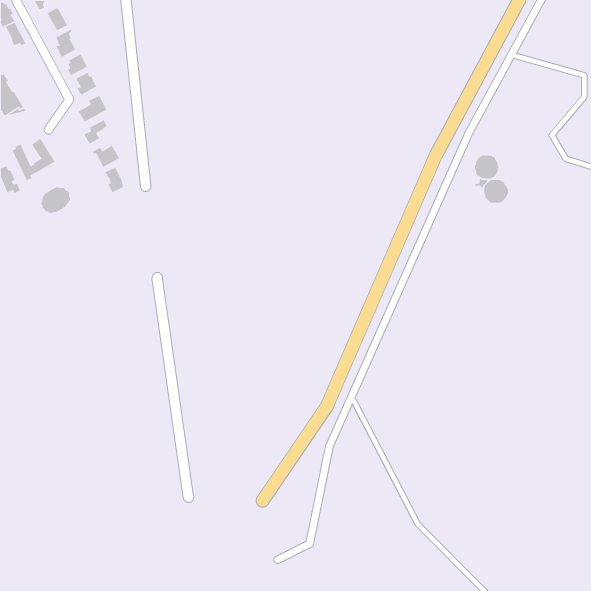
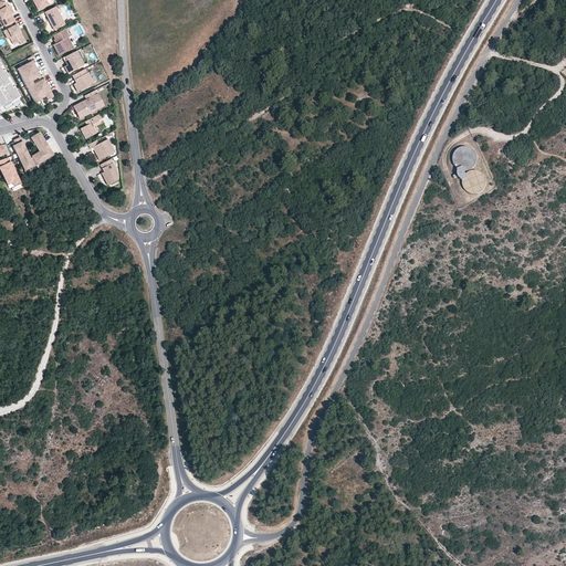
building: none -> [17,61,53,103]
building: [41,187,71,214] -> none

